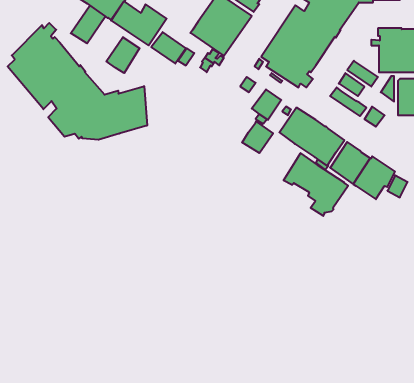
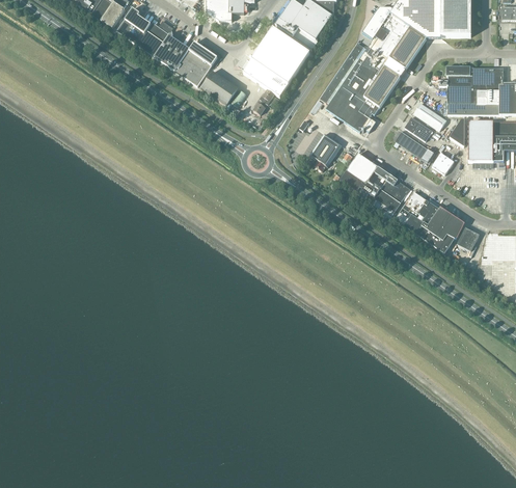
building: [71,6,105,43] -> none
building: [8,23,147,140] -> none
building: [106,37,140,73] -> none
building: [242,121,273,153] -> none
building: [284,153,348,216] -> none

